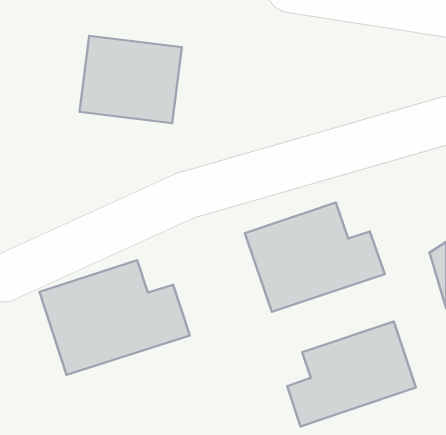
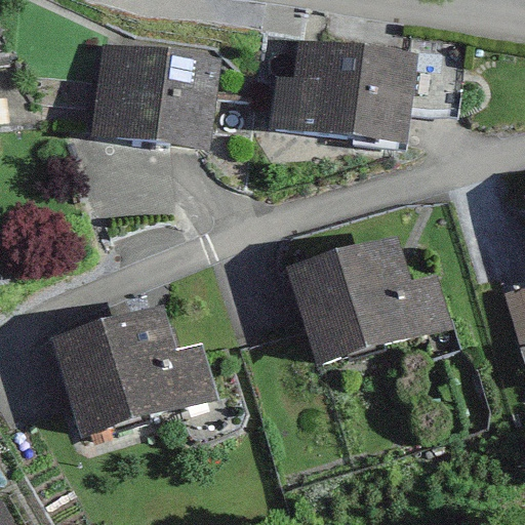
building: none -> [267,34,420,143]
building: [287,321,416,426] -> none

